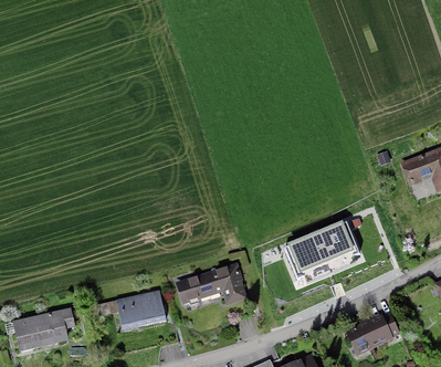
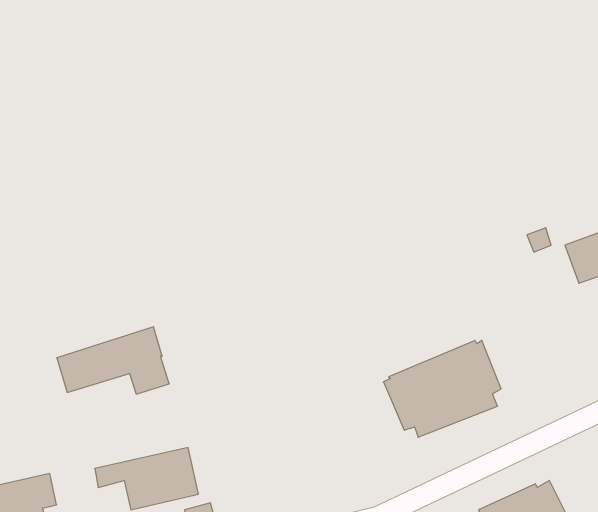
building: [176,261,248,304] -> [57,327,169,394]

